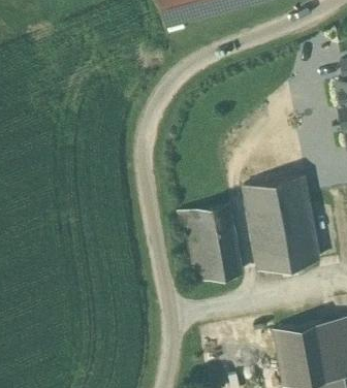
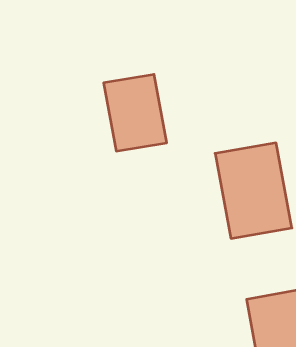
building: [180,207,242,283] -> [104,74,167,151]

